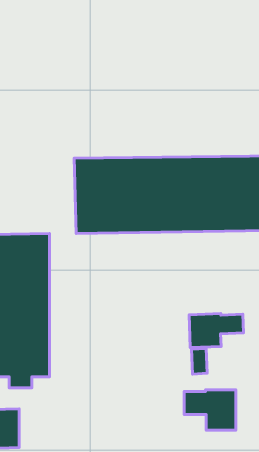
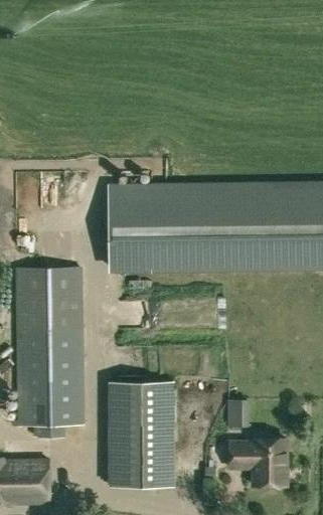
building: [189,314,244,348] -> none
building: none -> [110,382,173,486]

